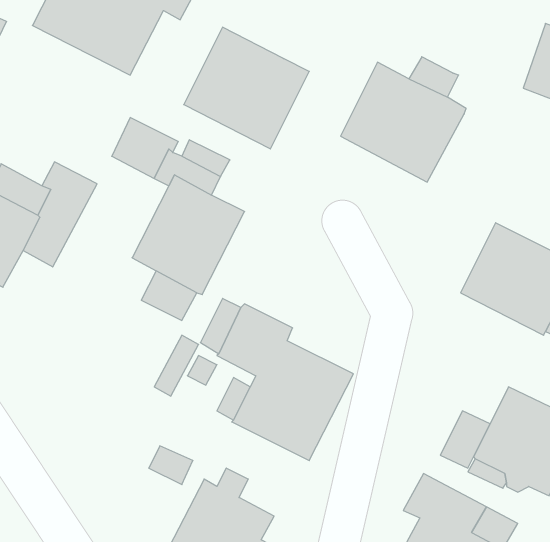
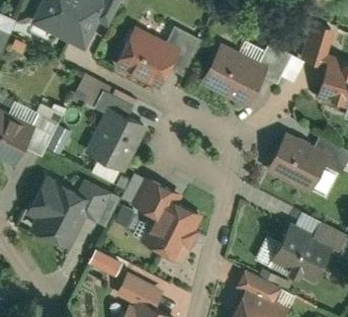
building: none -> [168,26,201,55]
building: none -> [258,41,291,78]
building: none -> [24,177,110,249]

